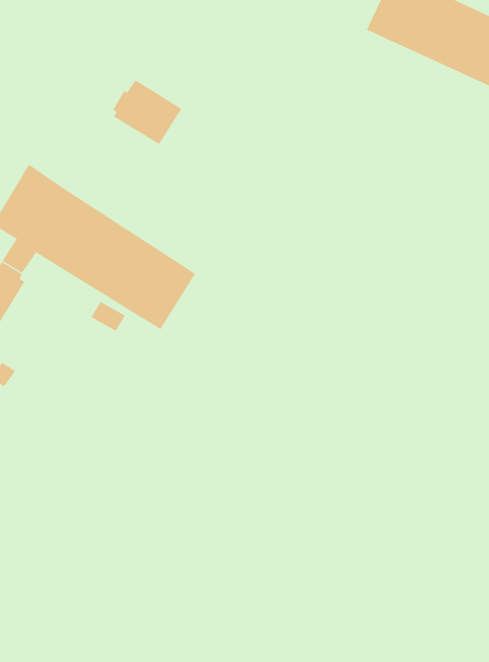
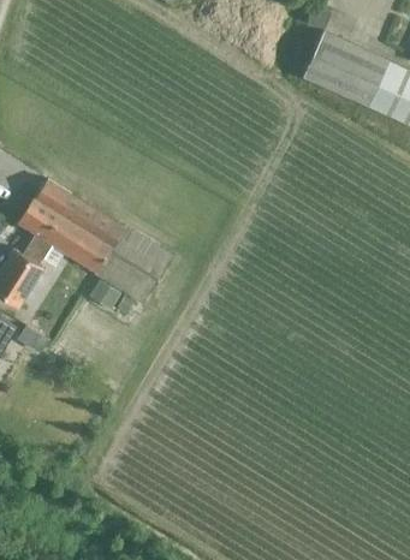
building: [113,79,182,145] -> none

